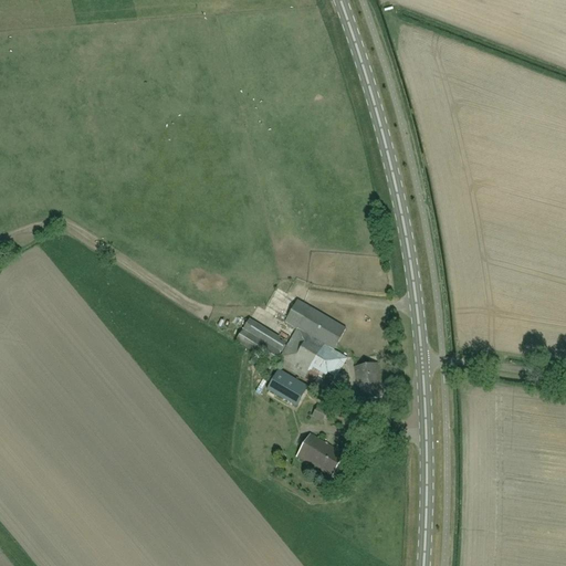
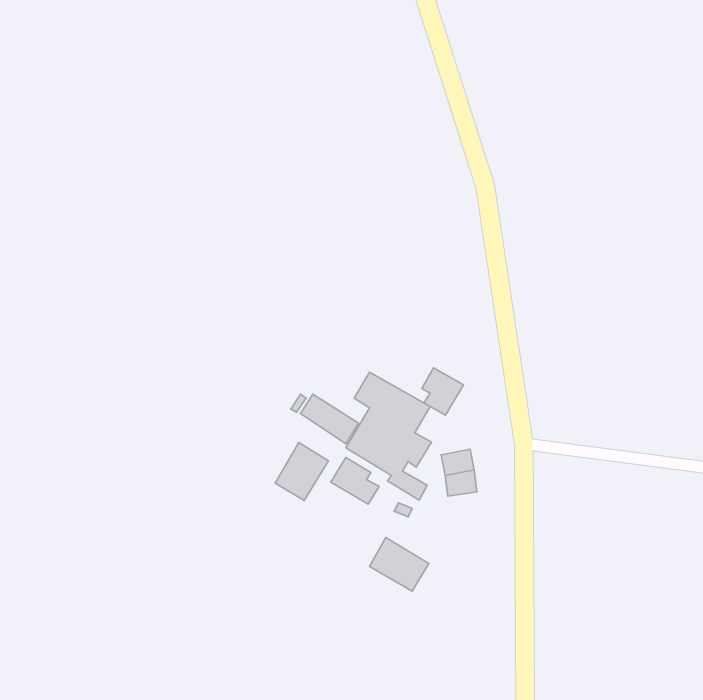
building: none -> [422,368,463,415]
building: none -> [275,442,328,500]

